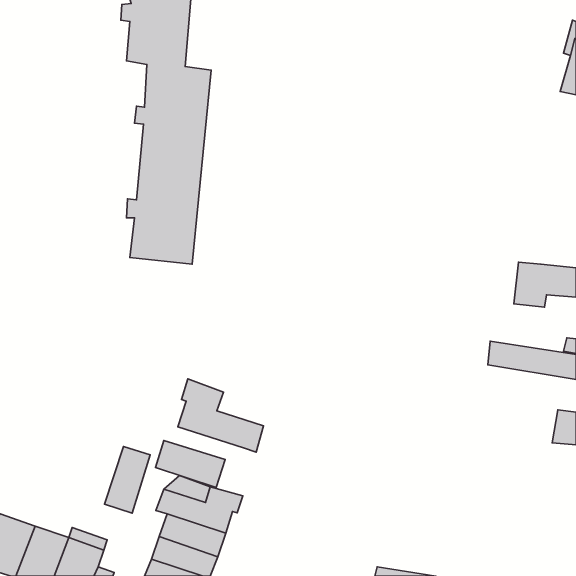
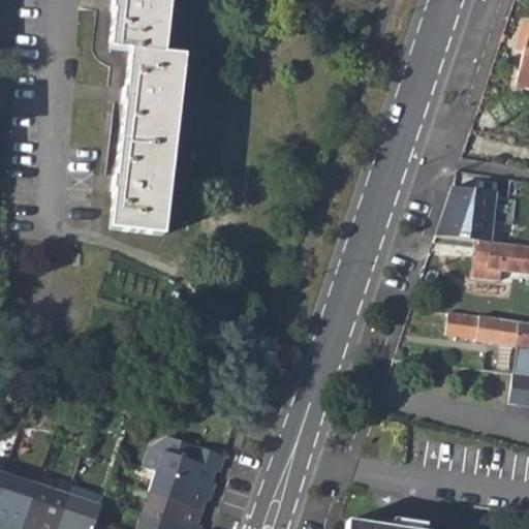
building: none -> [441,187,498,242]
building: [178,379,264,452] -> none
building: [156,440,225,488] -> none
building: [104,447,150,513] -> none

